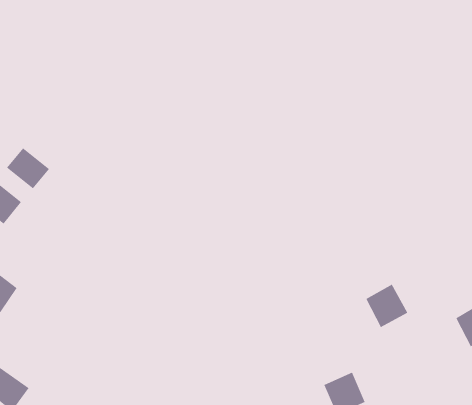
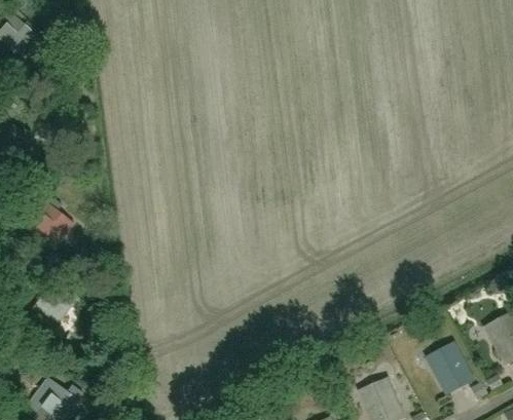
building: [6,147,50,189] -> none
building: [365,284,408,328] -> [431,350,472,392]

